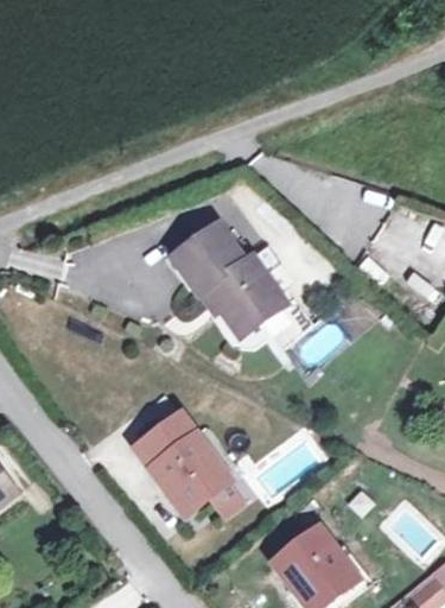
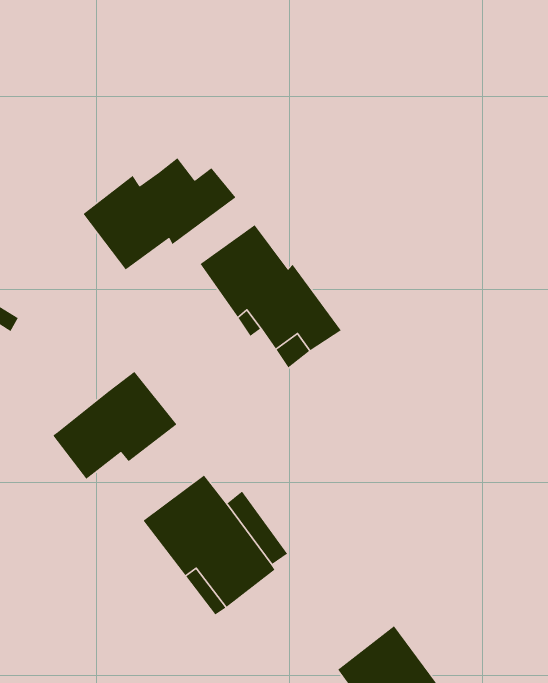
building: none -> [82,157,237,270]
building: none -> [52,371,178,480]

